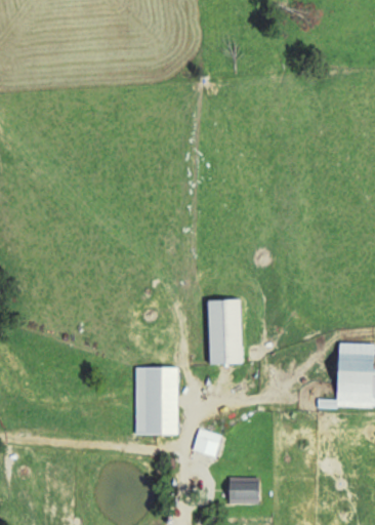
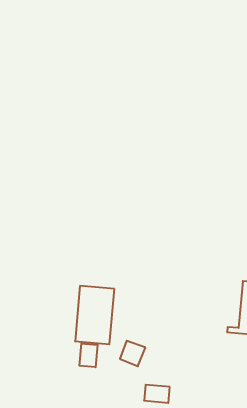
building: [206,299,244,365] -> none
building: none -> [79,343,98,367]

